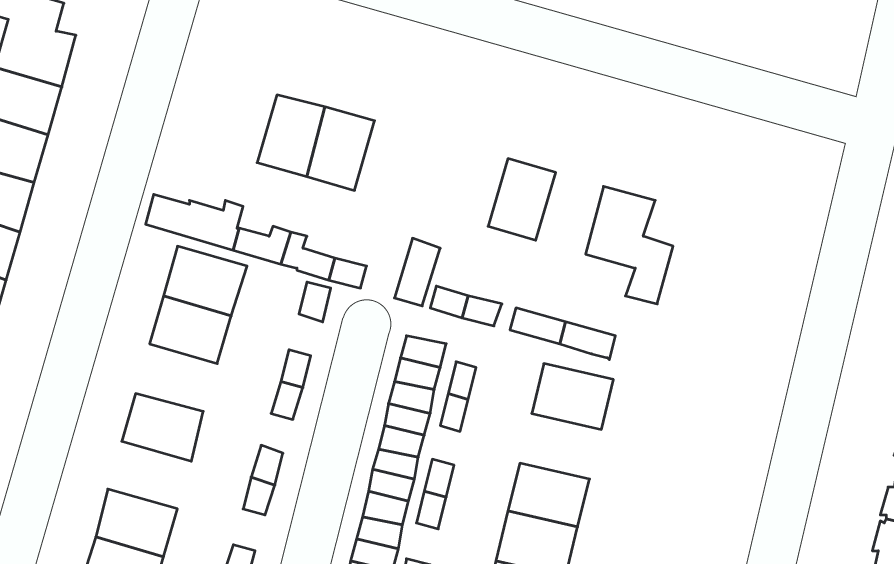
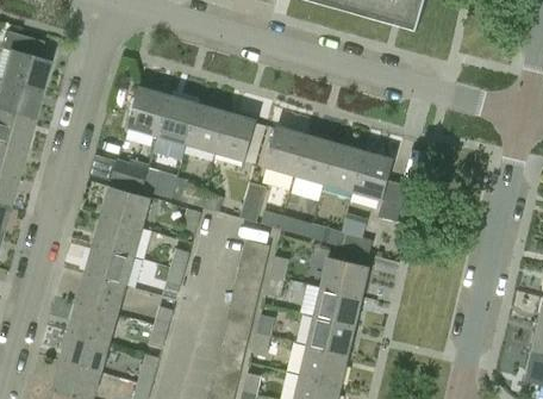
building: none -> [127,86,169,136]
building: none -> [216,111,257,161]
building: none -> [266,125,307,174]
building: none -> [324,142,364,191]
building: none -> [85,244,133,285]
building: none -> [314,286,363,325]
building: none -> [68,303,118,343]

